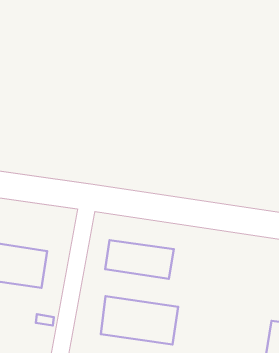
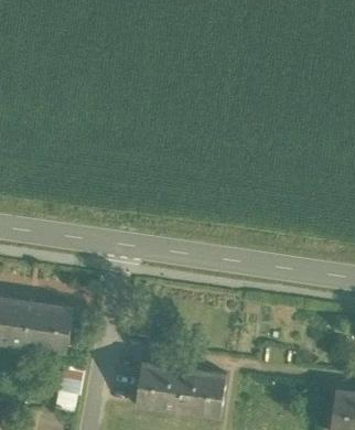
building: [105,240,174,279] -> none

